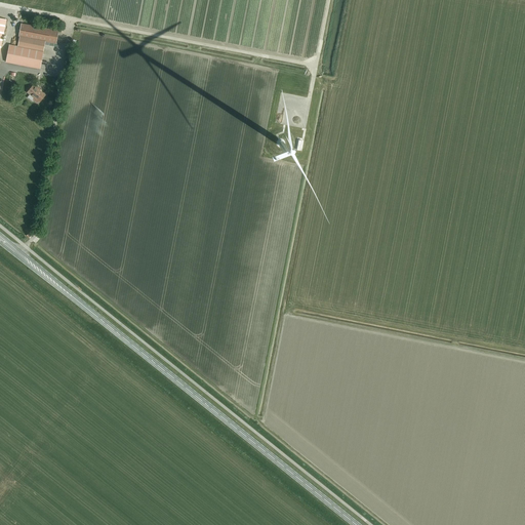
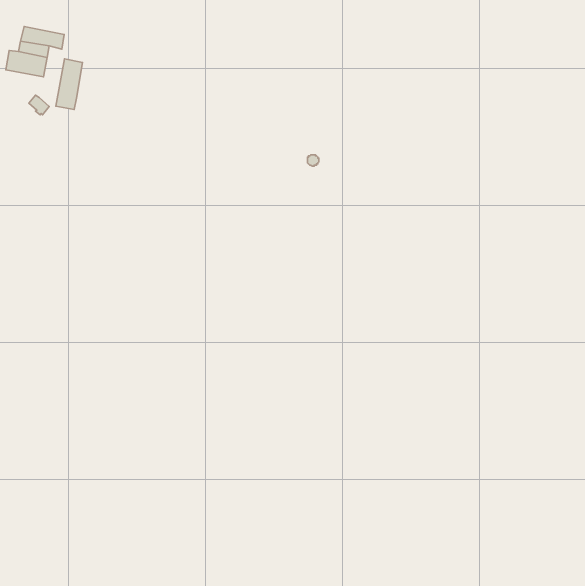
building: none -> [56,59,83,109]

